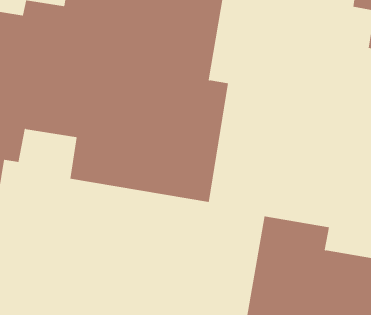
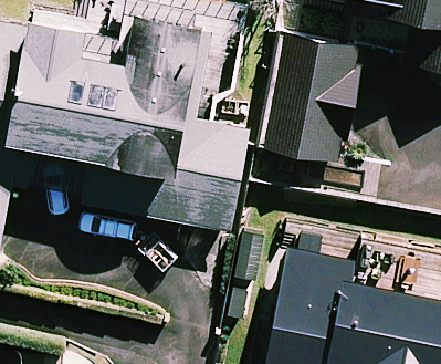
building: none -> [264,35,361,164]

